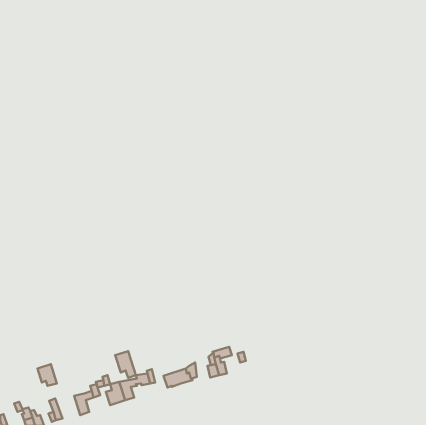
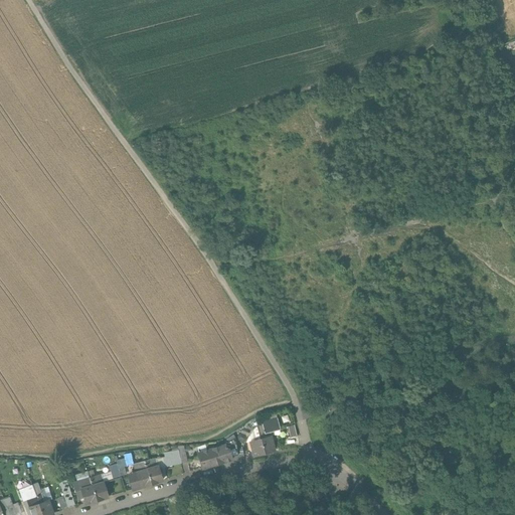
building: [115,351,136,378] -> none
building: [38,364,57,386] -> [73,479,97,505]

